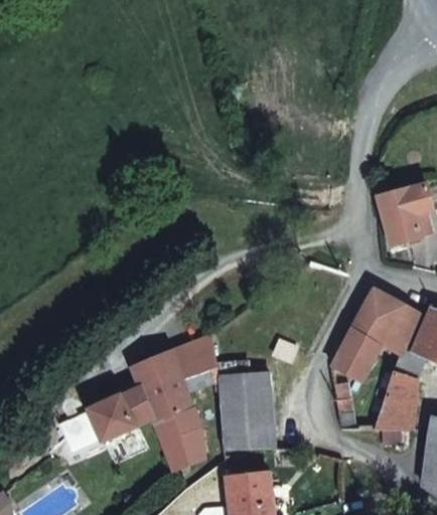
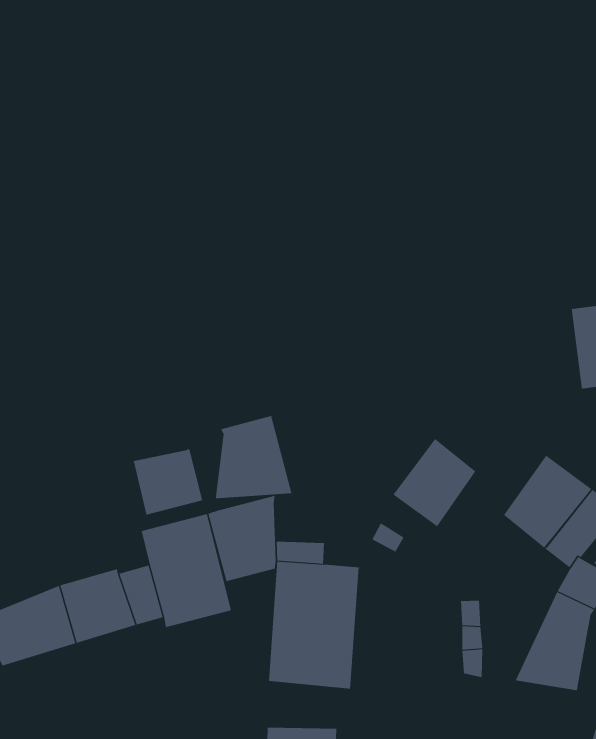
building: none -> [215,415,292,499]
building: none -> [133,448,203,515]
building: [331,328,381,382] -> [393,438,476,527]
building: [155,409,204,468] -> none

